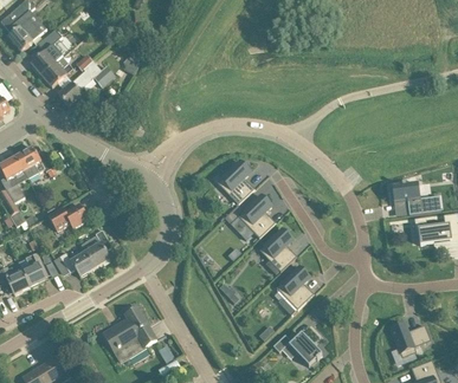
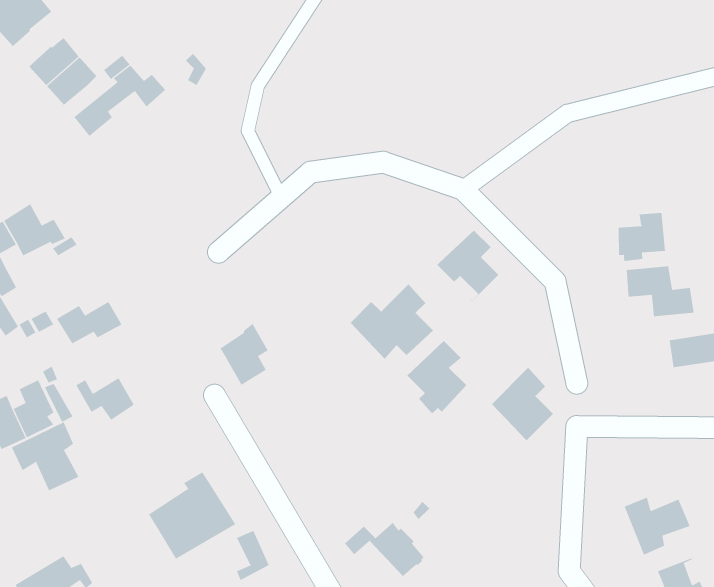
building: none -> [618,212,665,262]
building: [217,161,254,205] -> [437,230,499,302]
building: [82,229,111,267] -> [220,323,269,386]
building: [276,265,314,310] -> [491,367,554,441]
building: none -> [11,421,79,491]
building: [272,332,321,365] -> [344,522,424,577]

